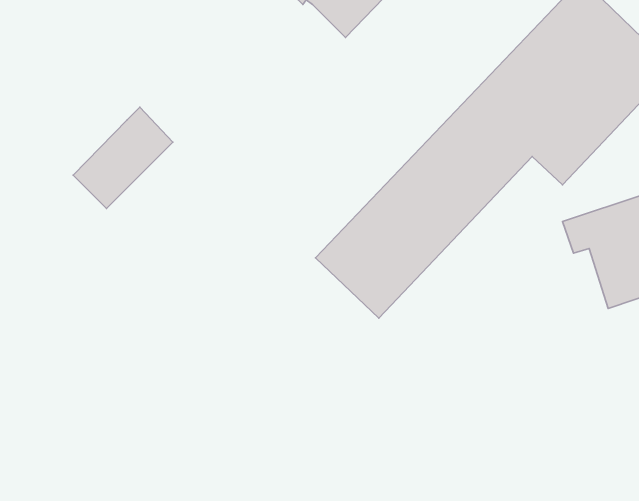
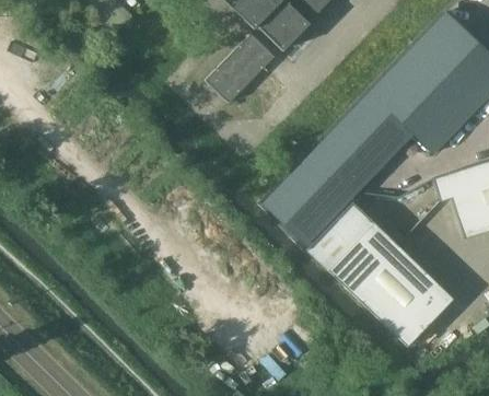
building: [73,107,173,209] -> [206,33,275,103]
building: none -> [306,201,454,346]

